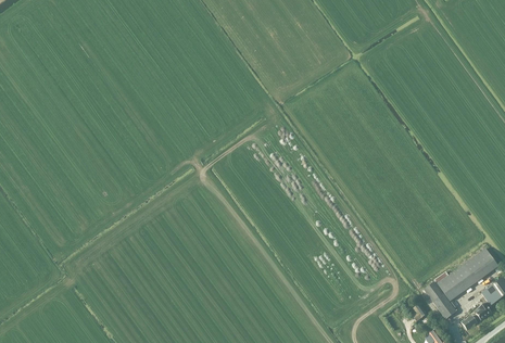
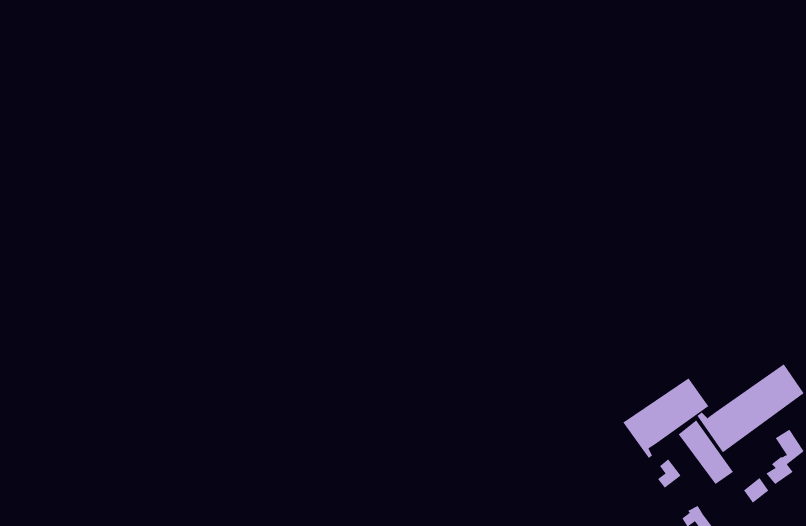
building: none -> [623,378,709,459]

